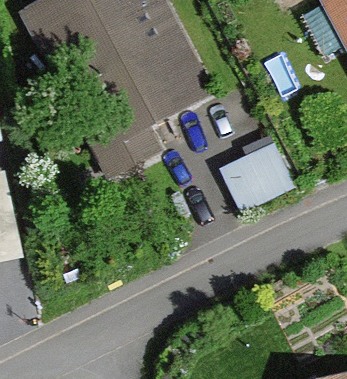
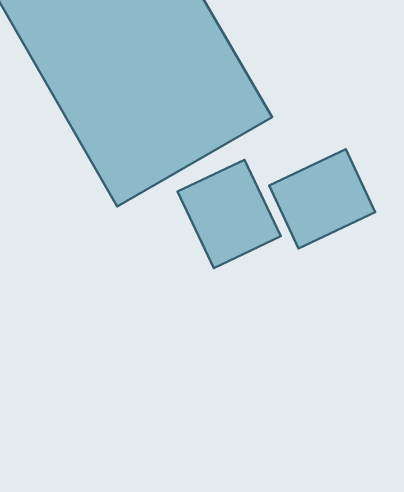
building: none -> [177,160,281,268]

